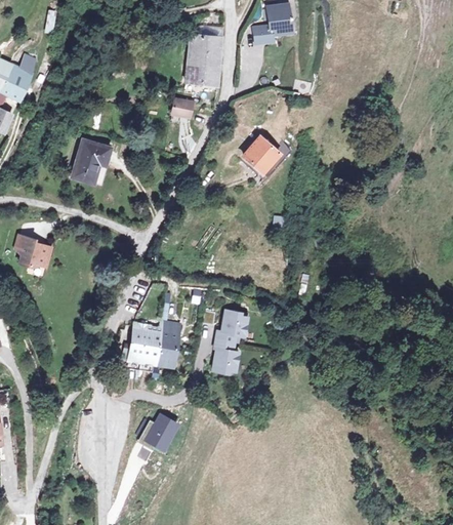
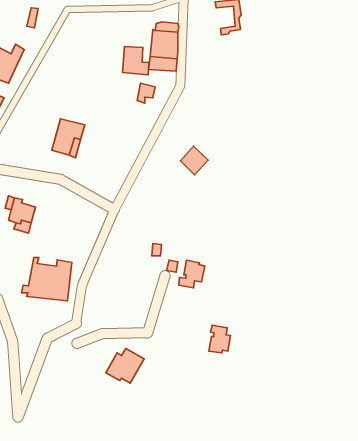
building: [250,8,286,45] -> none
building: none -> [123,46,149,75]
building: [242,138,275,172] -> [181,146,208,175]
building: [123,314,182,365] -> [22,257,72,301]
building: [215,338,241,371] -> [209,325,230,353]

